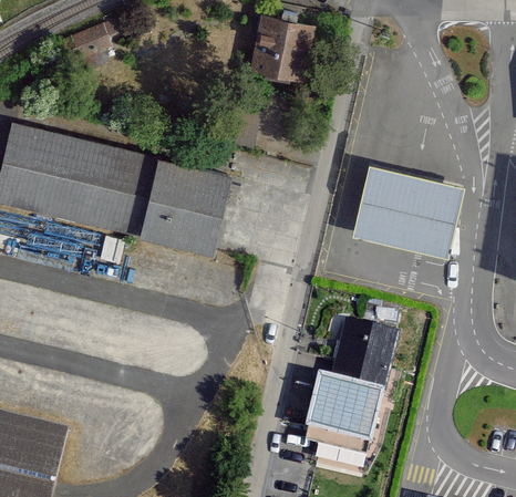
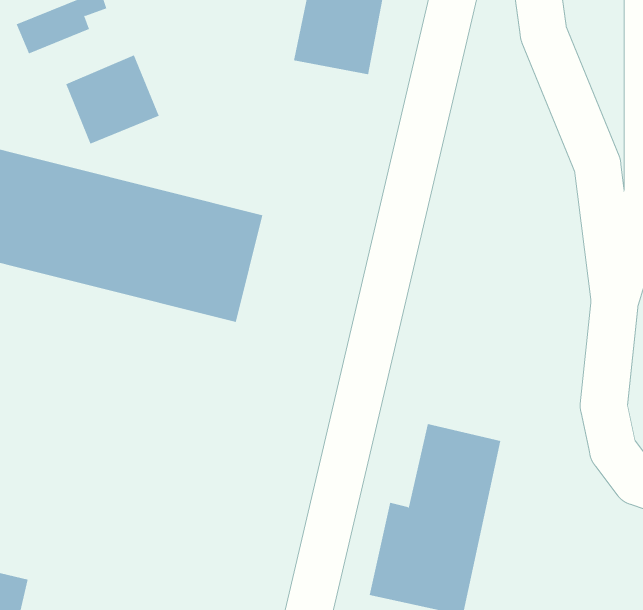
building: none -> [65,55,159,144]
building: [355,168,458,253] -> none

